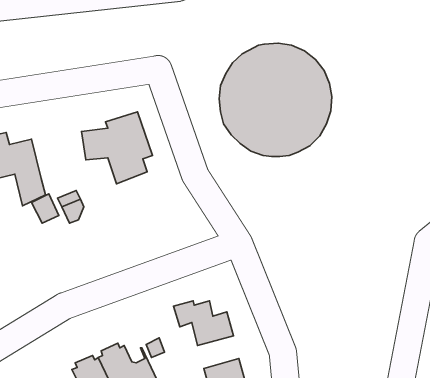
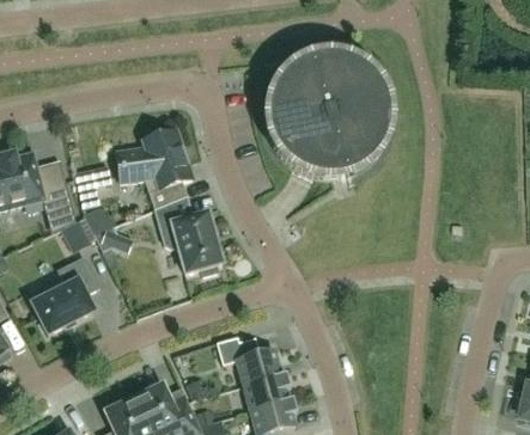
building: none -> [153,194,221,274]
building: none -> [31,255,99,332]
building: none -> [242,373,287,409]

